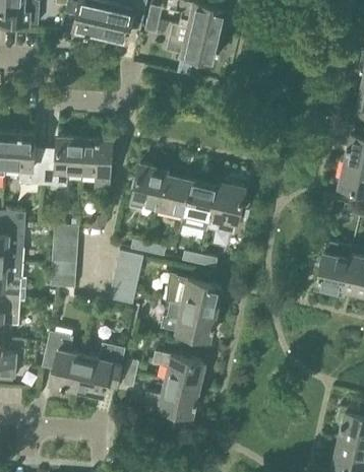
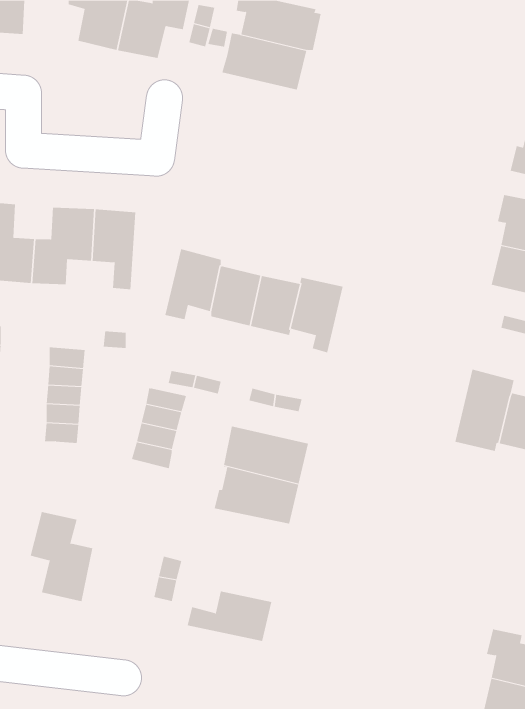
building: [76,344,125,397] -> none
building: [153,354,203,391] -> none

